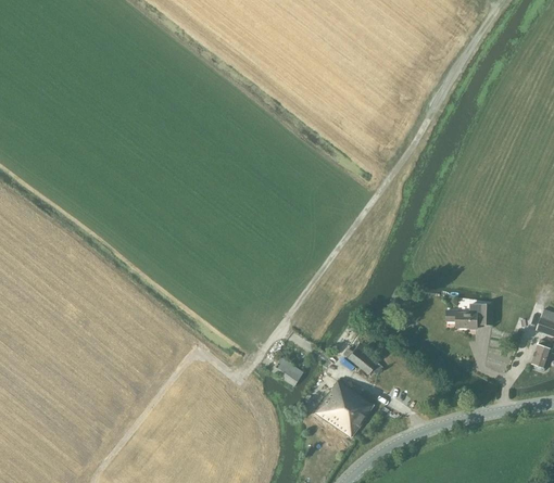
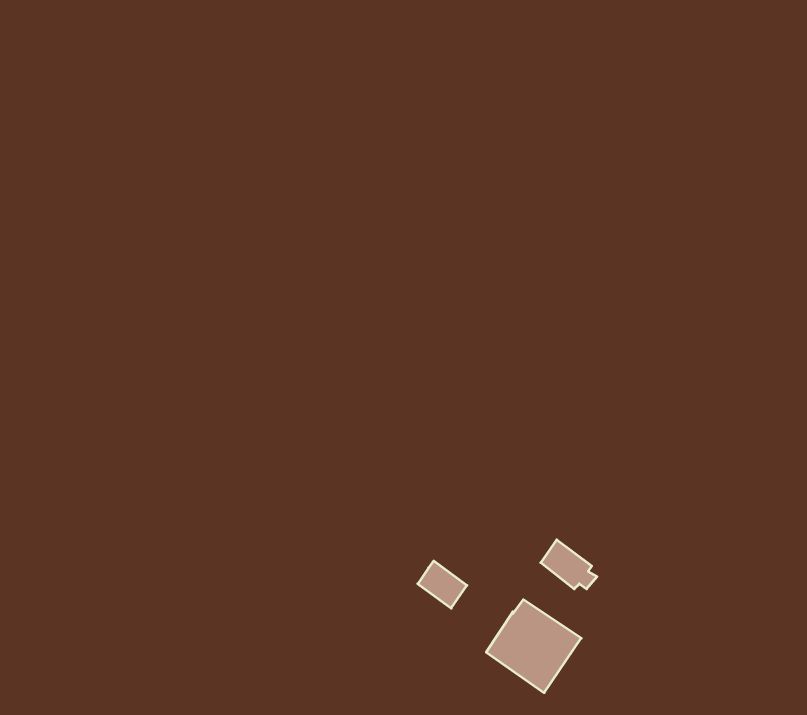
building: [448,302,492,326] -> none

